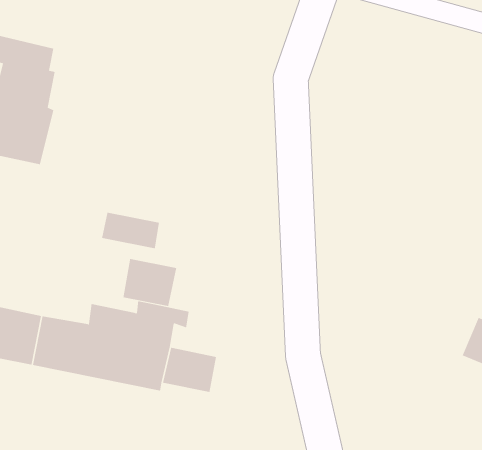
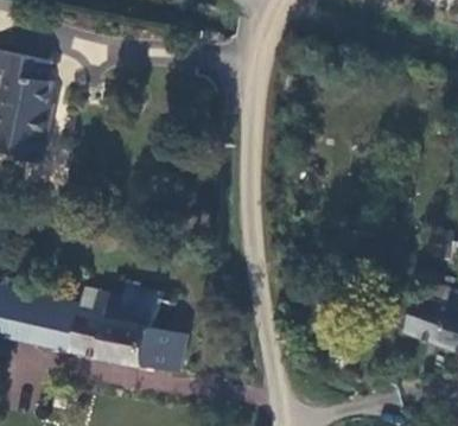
building: [102,212,159,249] -> none
building: [123,258,177,307] -> none

